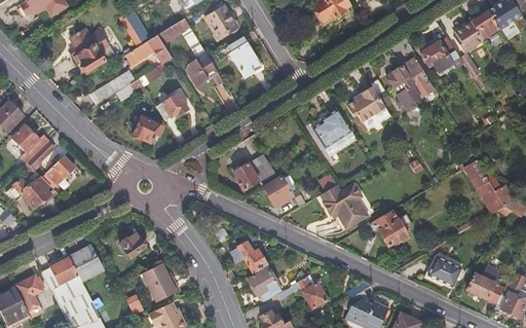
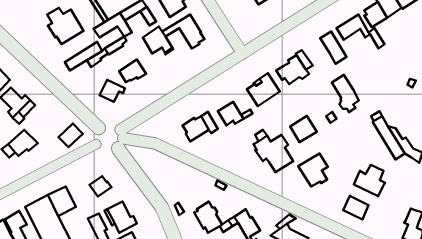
building: [386,66,419,111] -> [332,75,359,112]
building: [47,156,77,185] -> [58,124,83,147]
building: none -> [290,116,317,142]
building: [263,176,294,205] -> [218,102,243,125]
building: [230,241,267,274] -> none
building: [466,265,504,303] -> [354,165,385,196]

